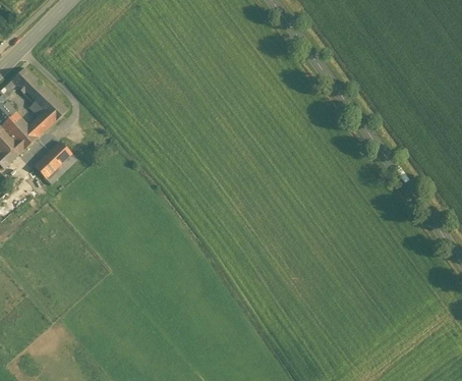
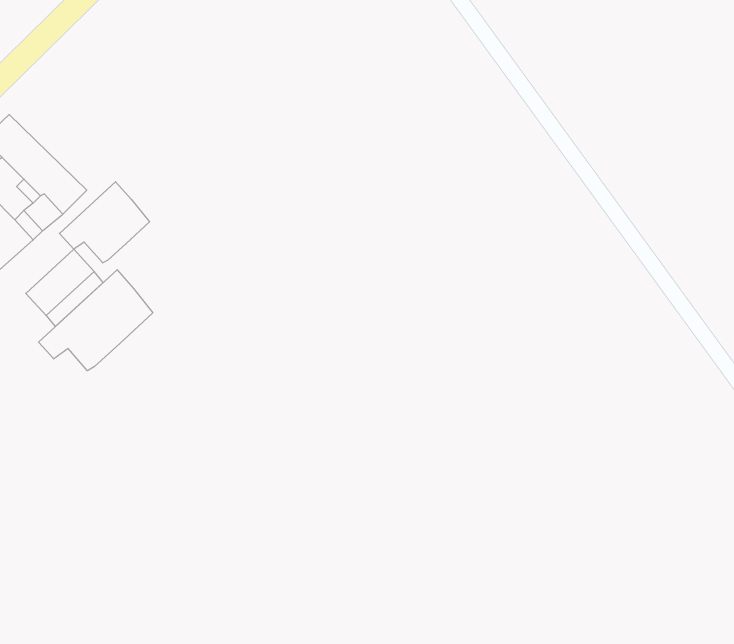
building: none -> [59,182,150,263]
building: none -> [39,270,153,371]

